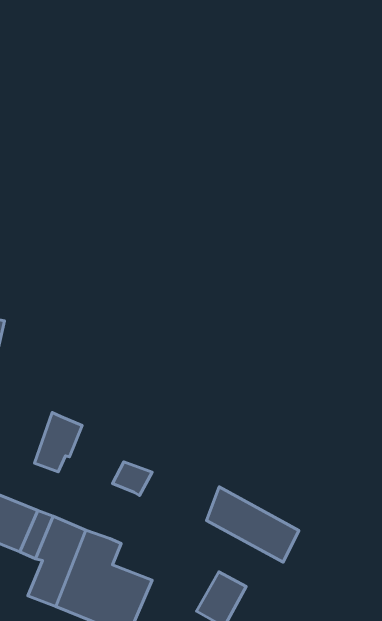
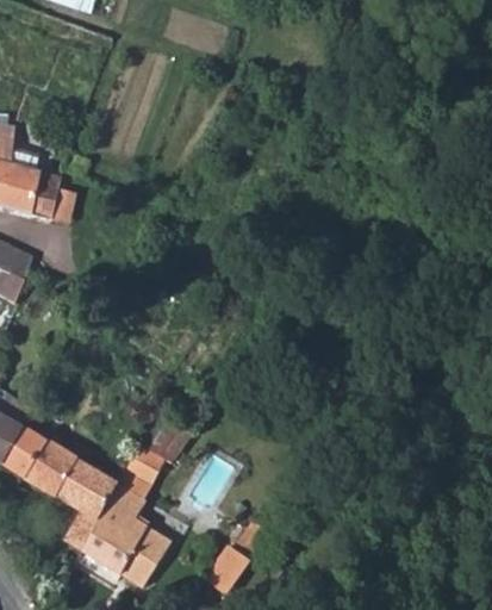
building: [34,413,82,472] -> [119,442,167,496]
building: [207,487,299,562] -> none

